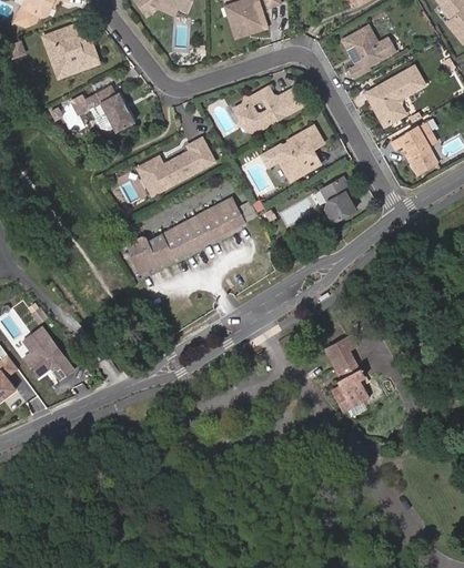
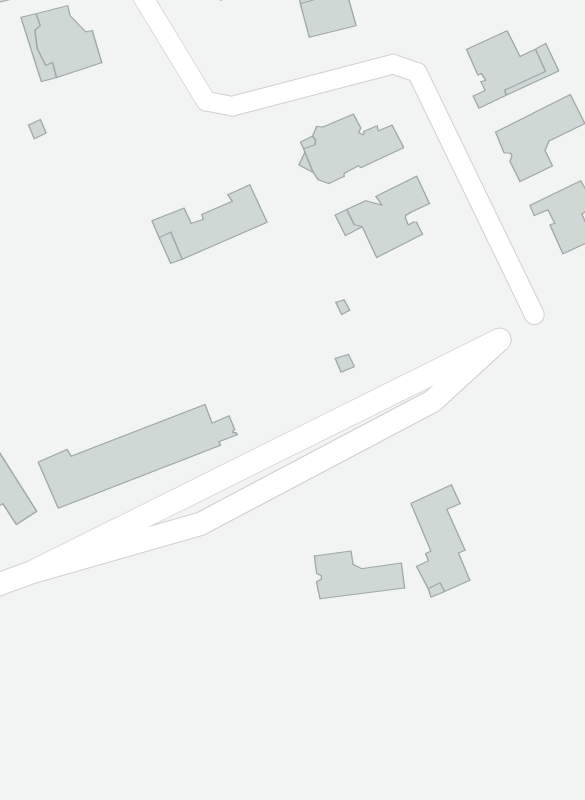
building: [70,87,132,133] -> none
building: [321,178,356,224] -> none
building: [125,197,259,274] -> [38,404,238,508]
building: none -> [315,551,404,599]

